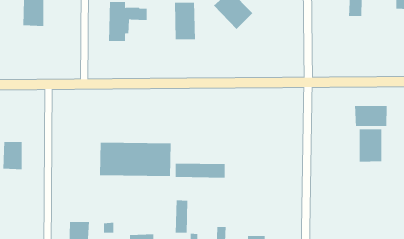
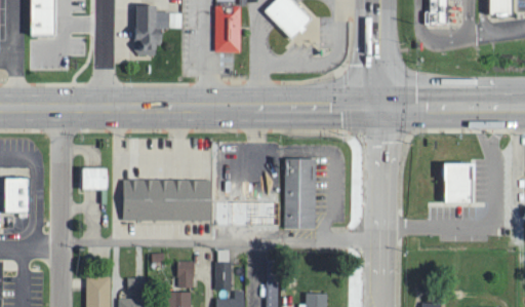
building: [355,105,387,127] -> none
building: none -> [283,158,317,229]
building: none -> [82,167,107,189]
building: none -> [178,261,195,287]

